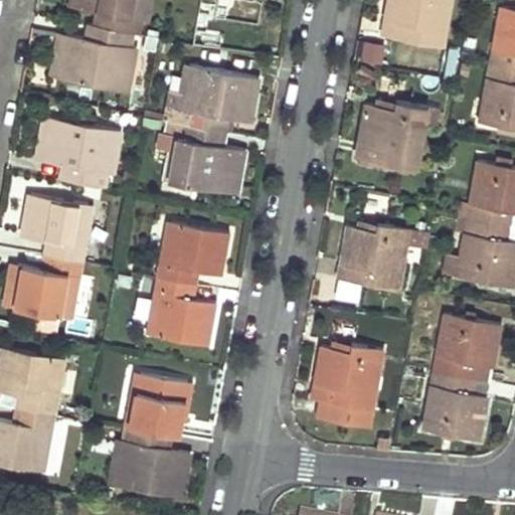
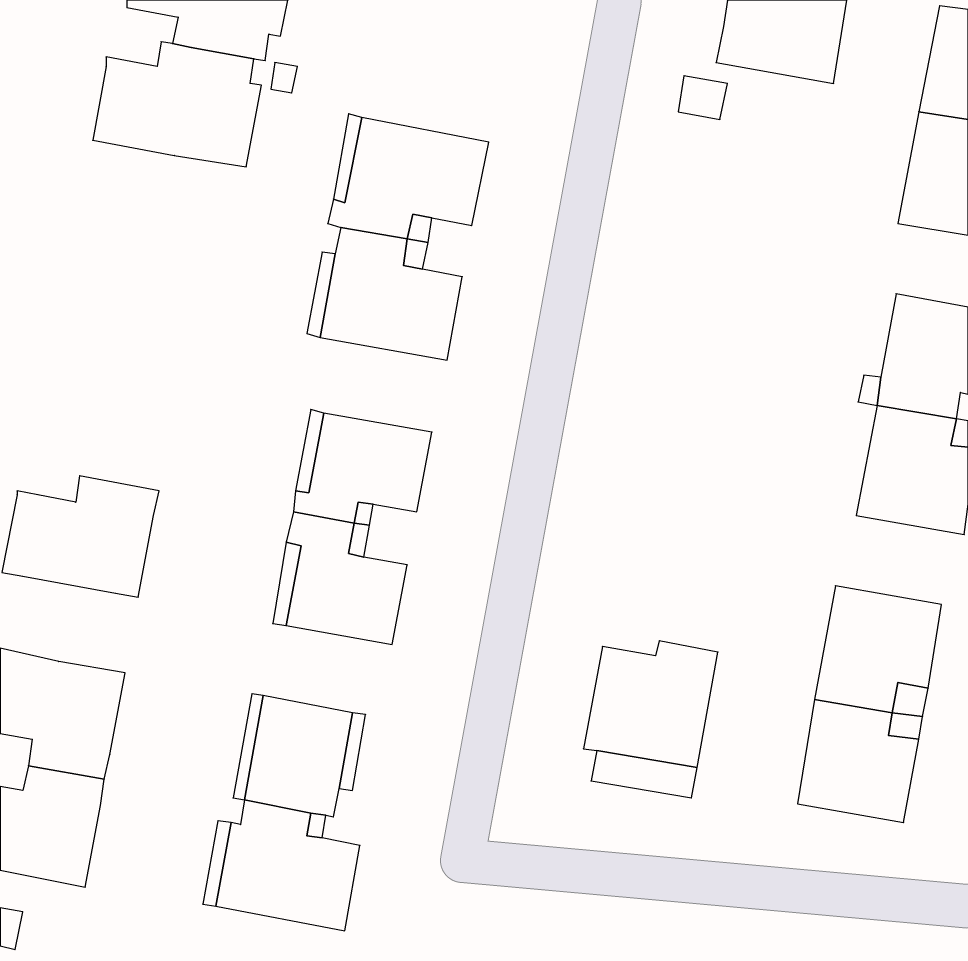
building: [354,102,426,169] -> none
building: [33,117,124,189] -> none
building: [19,194,95,265] -> none
building: [336,223,408,291] -> none

